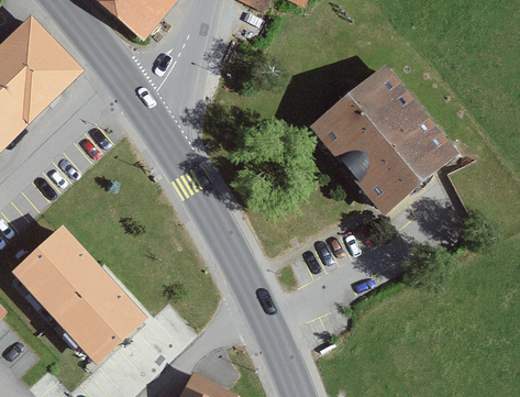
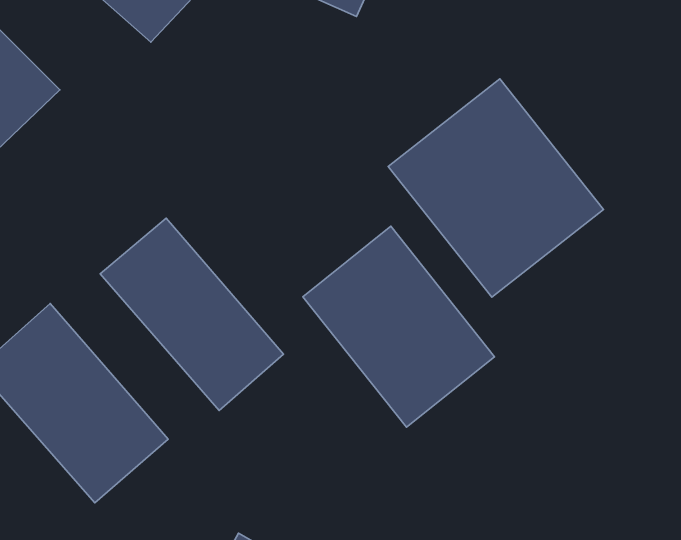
building: none -> [100,218,283,410]
building: none -> [303,226,494,427]

